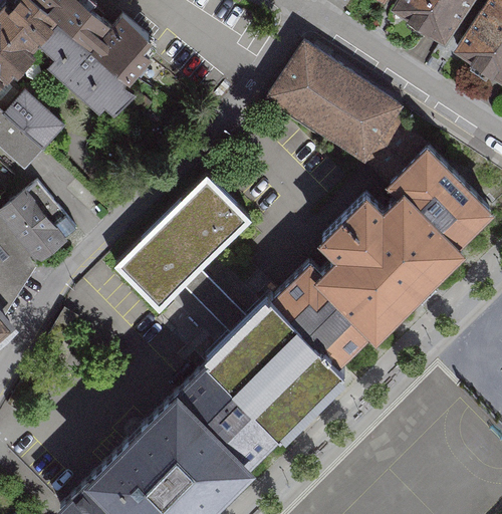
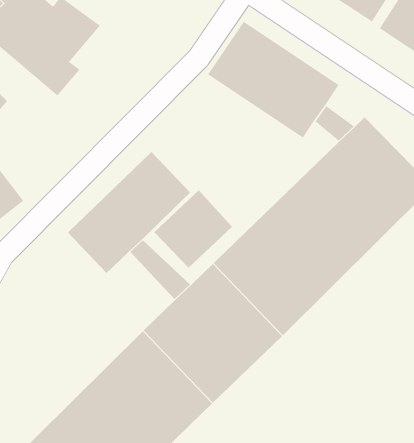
building: none -> [153,189,233,269]

